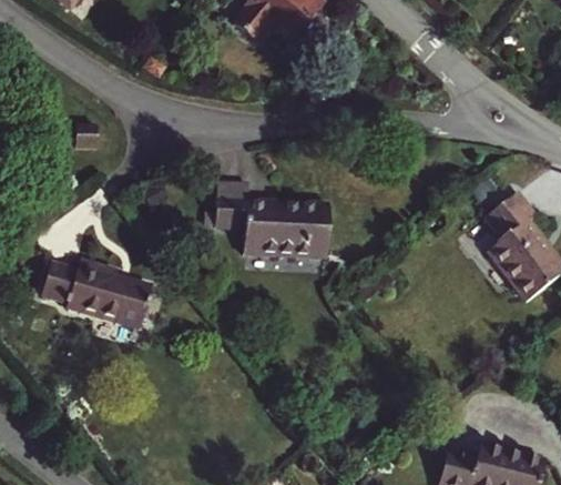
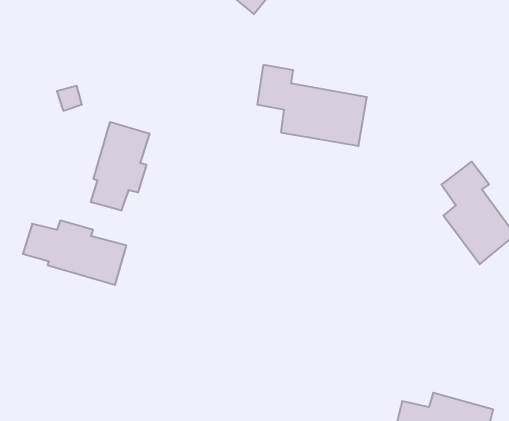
building: none -> [91,122,150,211]
building: [218,175,336,262] -> [257,65,367,146]

